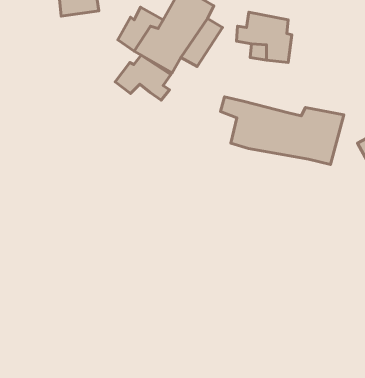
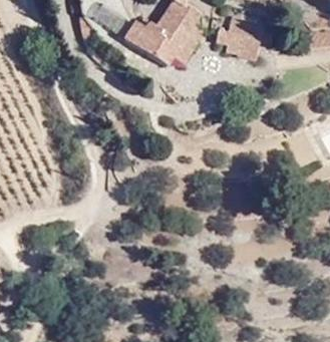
building: [115,55,171,100] -> none
building: [221,97,344,164] -> none

